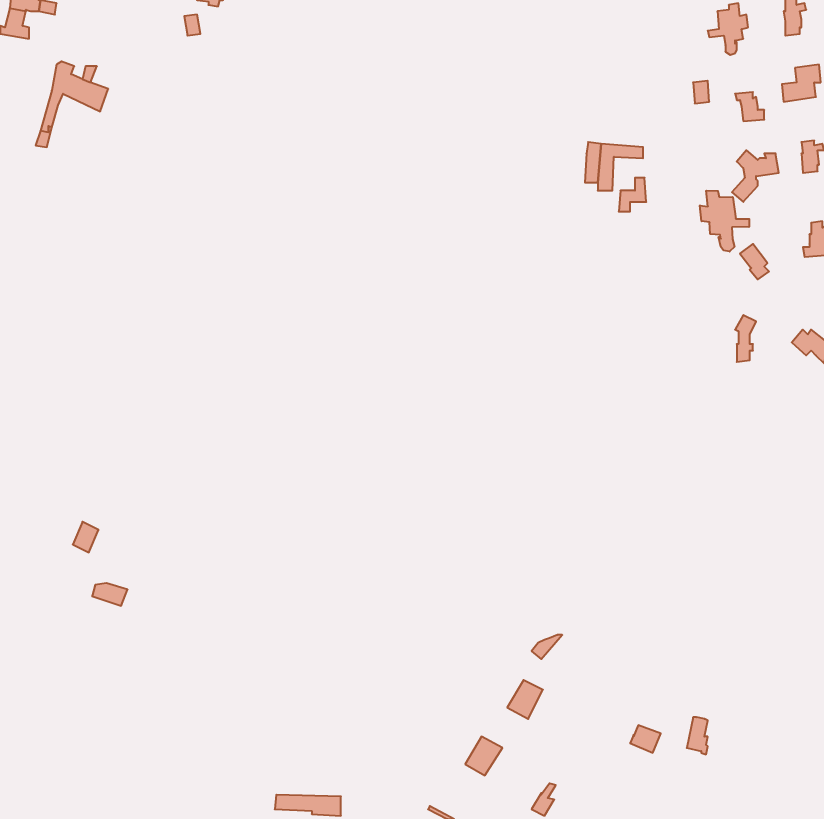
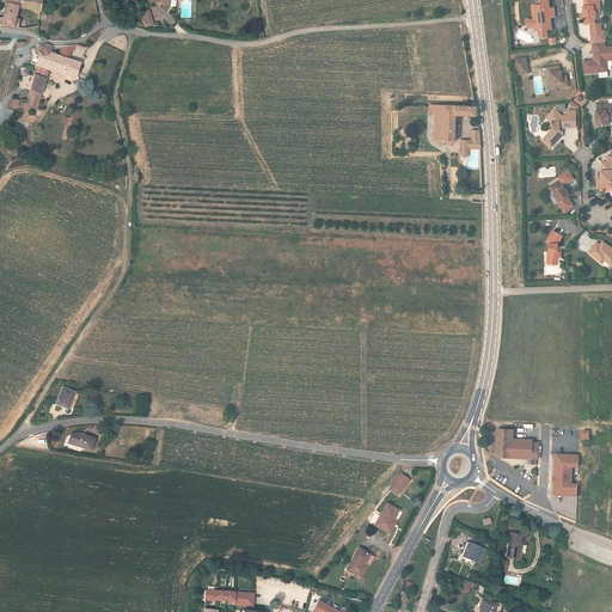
building: [700,191,749,252] -> none
building: none -> [497,424,540,460]
building: none -> [553,451,579,492]

